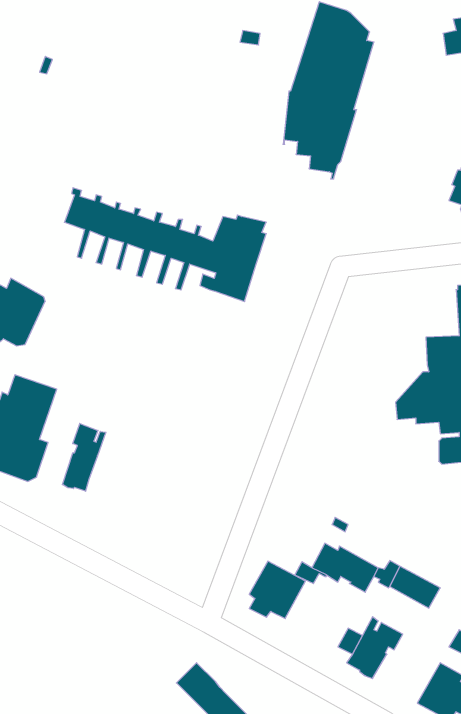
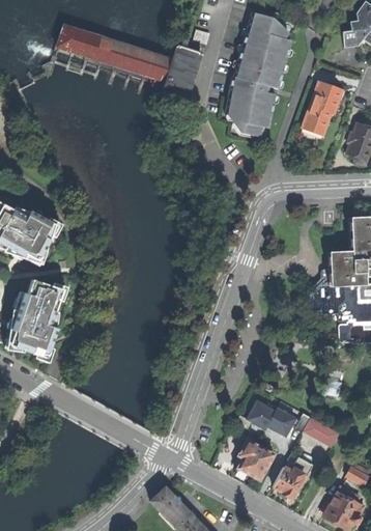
building: none -> [305,82,343,132]
building: [64,188,266,302] -> [58,21,203,103]
building: [62,423,106,491] -> none
building: [249,561,305,619] -> [234,439,275,480]

